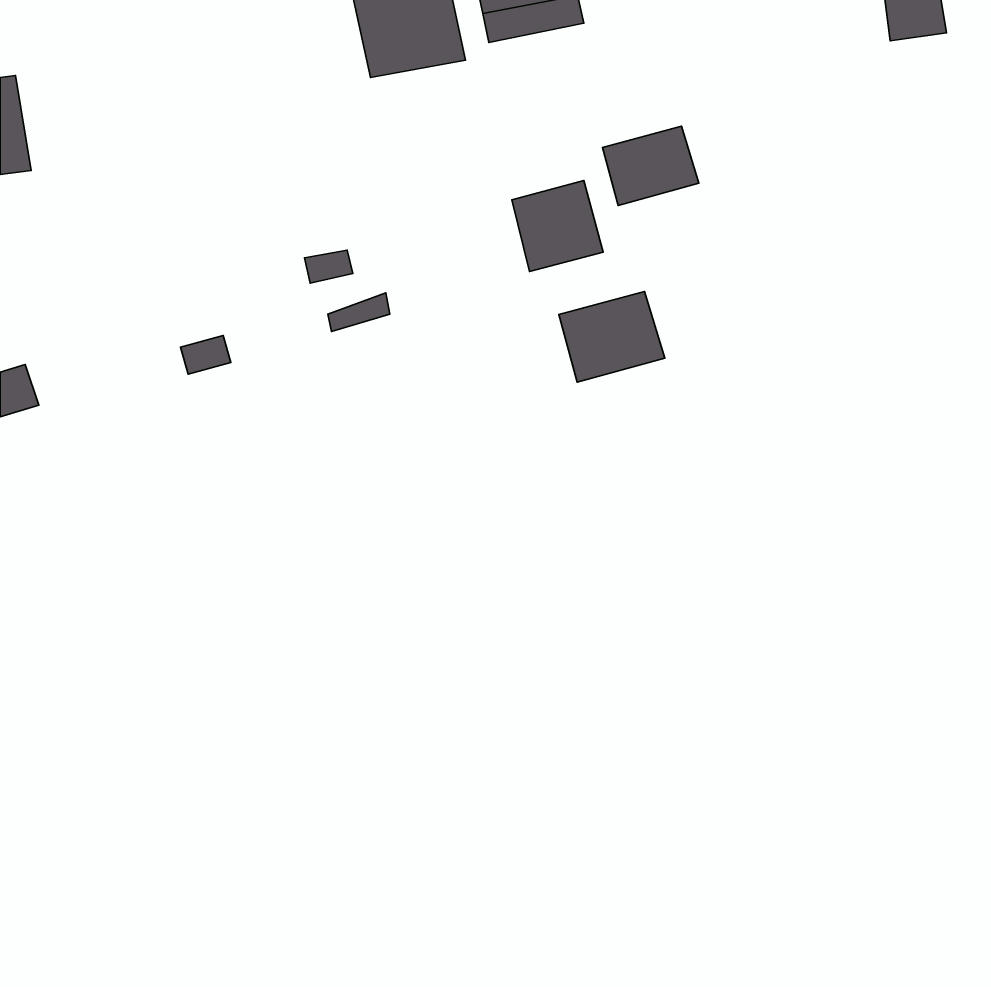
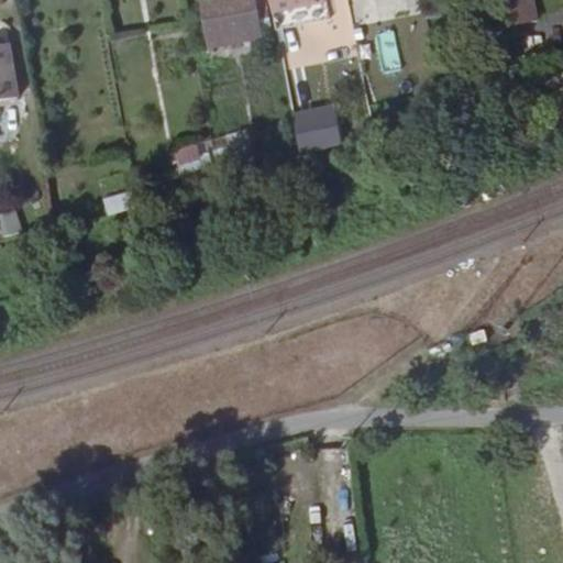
building: [602,126,699,205] -> none
building: [559,291,665,382] -> none

